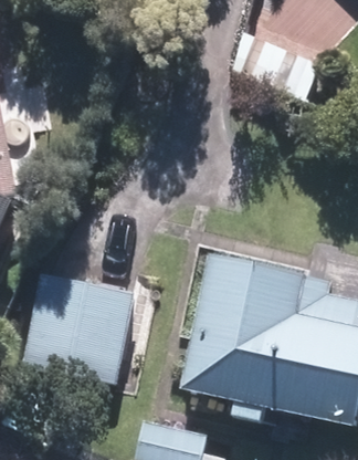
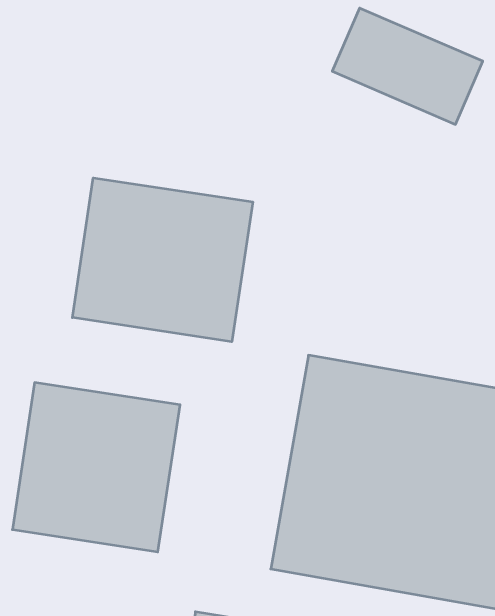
building: none -> [72,178,253,342]

